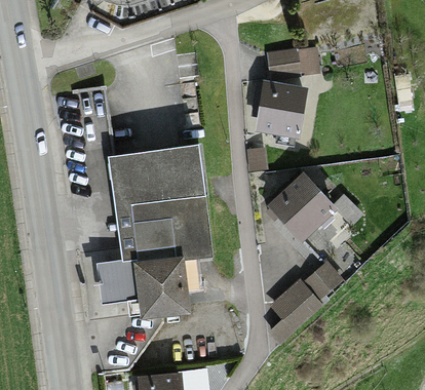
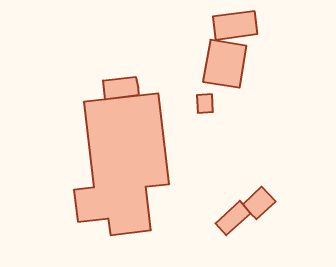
building: none -> [103,77,139,99]
building: [267,171,339,243] -> none

